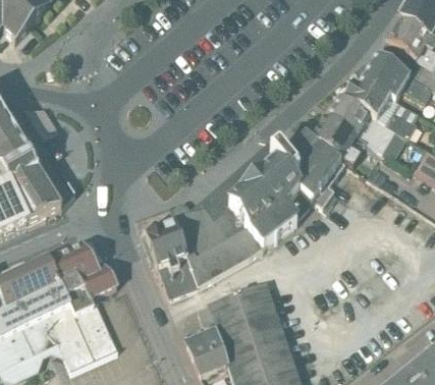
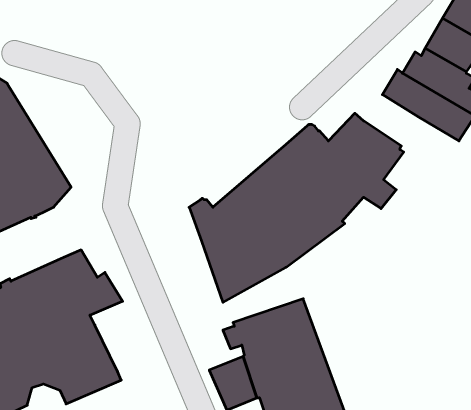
building: [311,115,356,160] -> none
building: [140,206,197,295] -> none

